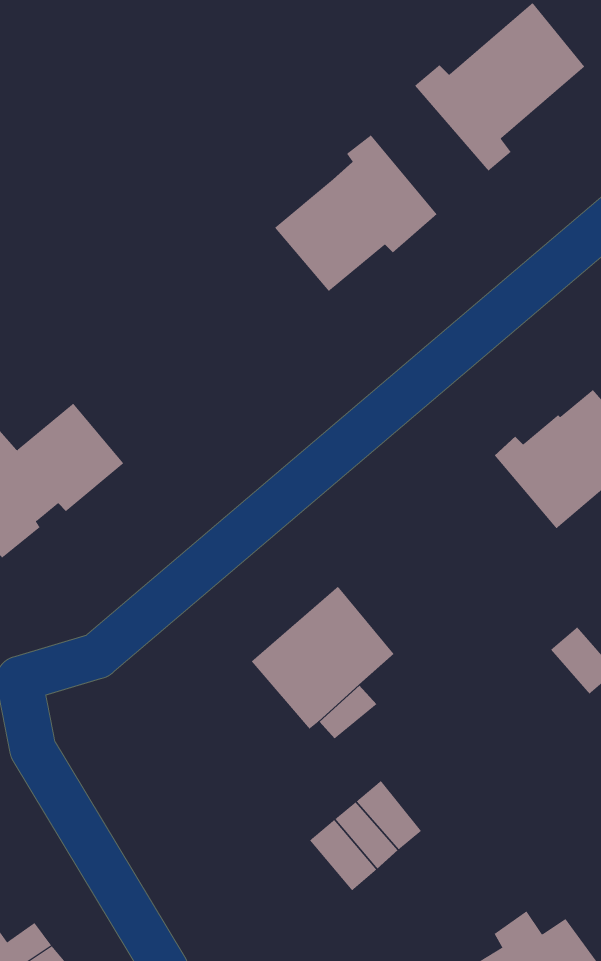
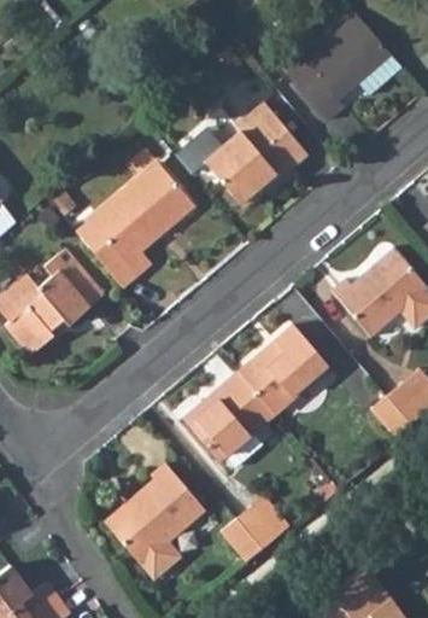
building: none -> [90,163,193,278]
building: none -> [236,328,326,415]
building: none -> [102,466,201,581]

